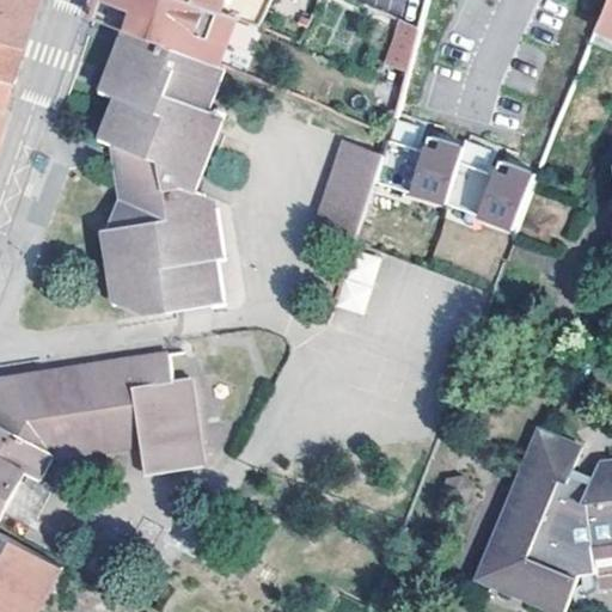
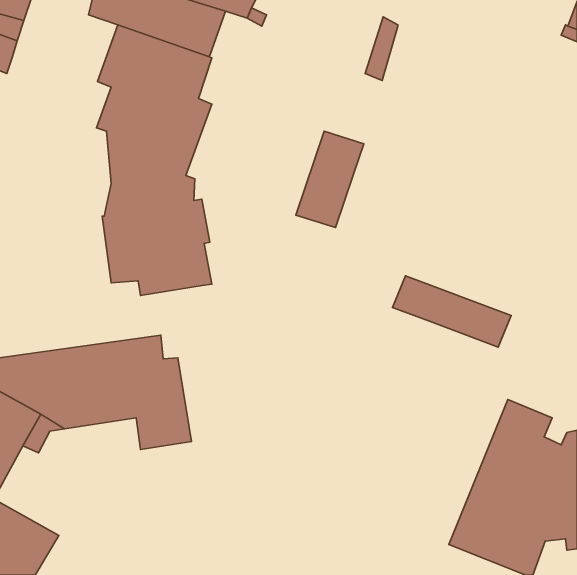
building: [373,118,536,239] -> none
building: none -> [392,276,511,347]

